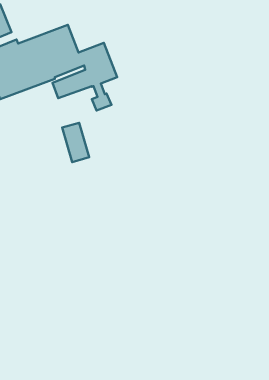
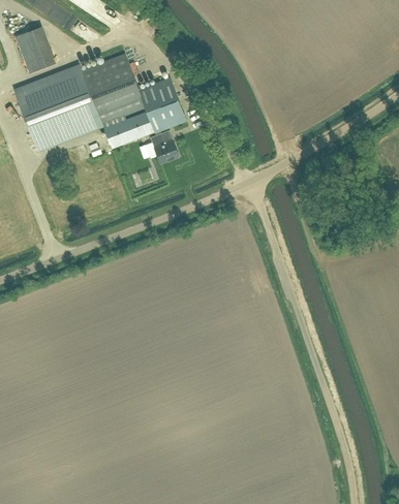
building: [62,123,89,162] -> none

